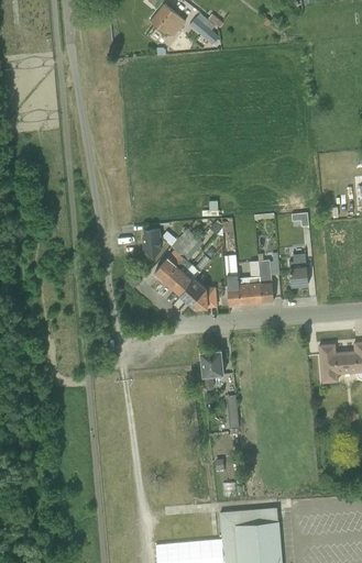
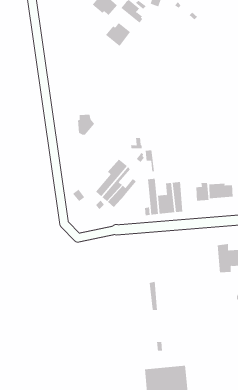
building: none -> [105,22,131,47]
building: [143,229,167,257] -> [77,114,95,135]
building: none -> [209,183,233,199]
building: [180,278,217,308] -> none
building: [201,350,224,389] -> none

